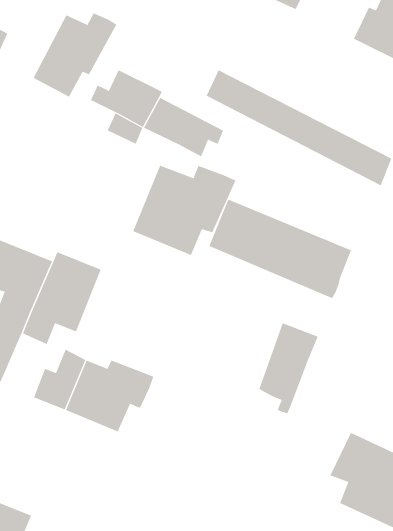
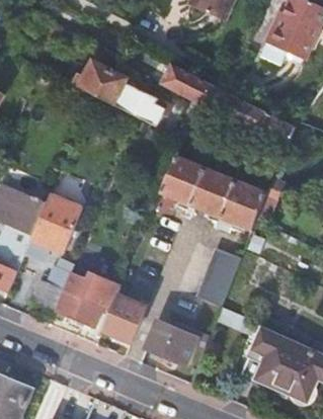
building: [33,12,117,97] -> none
building: [133,165,236,256] -> none
building: none -> [102,295,146,343]
building: none -> [147,322,197,365]

